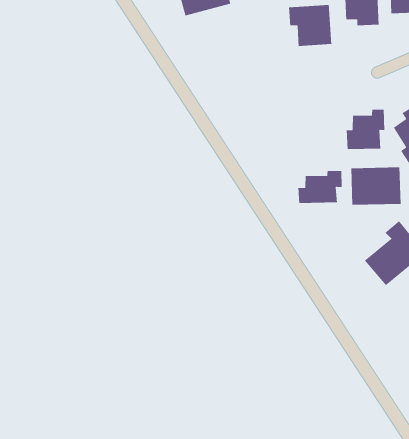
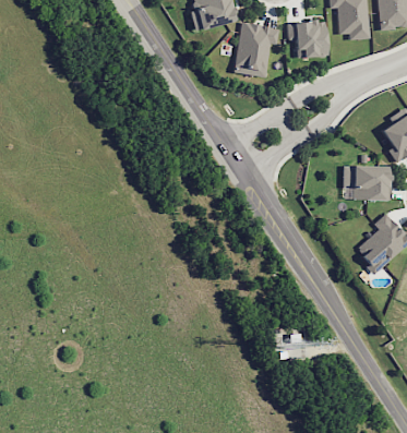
building: none -> [235,22,279,76]
building: [346,109,385,150] -> none
building: [298,170,342,204] -> none

